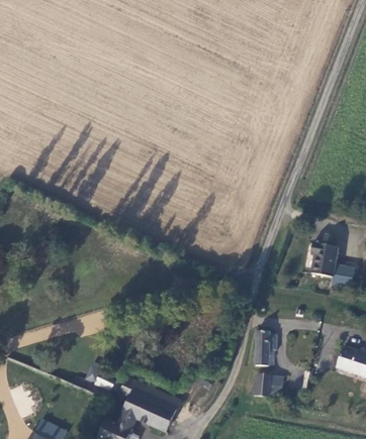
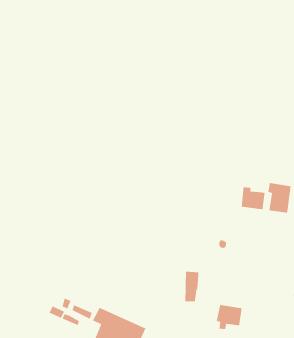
building: none -> [241,187,266,210]
building: [255,330,271,364] -> [184,271,199,302]

